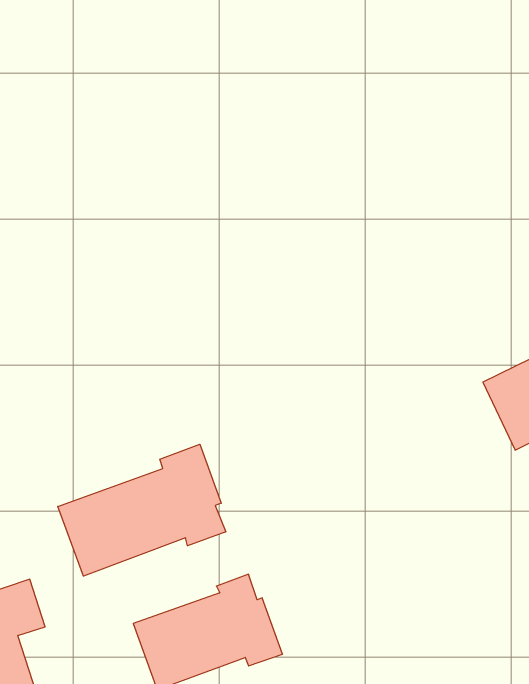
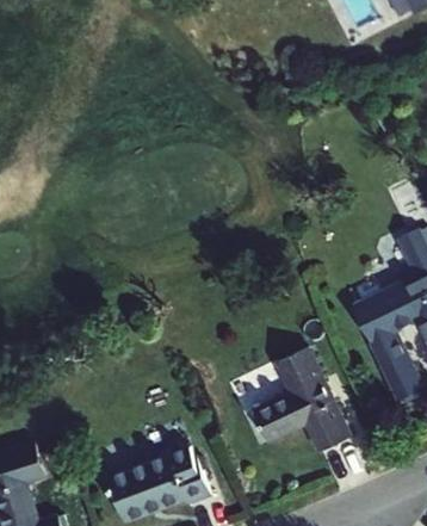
building: none -> [253,352,349,453]
building: [58,444,226,576] -> none

